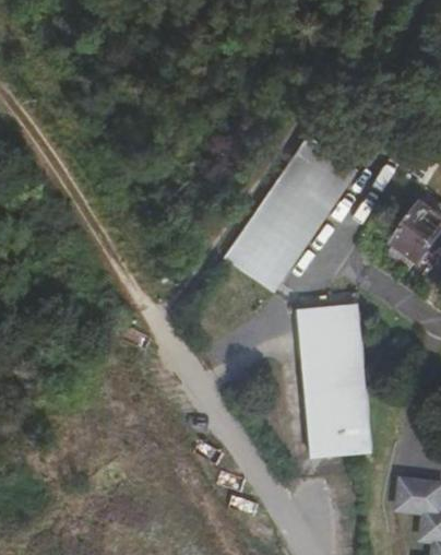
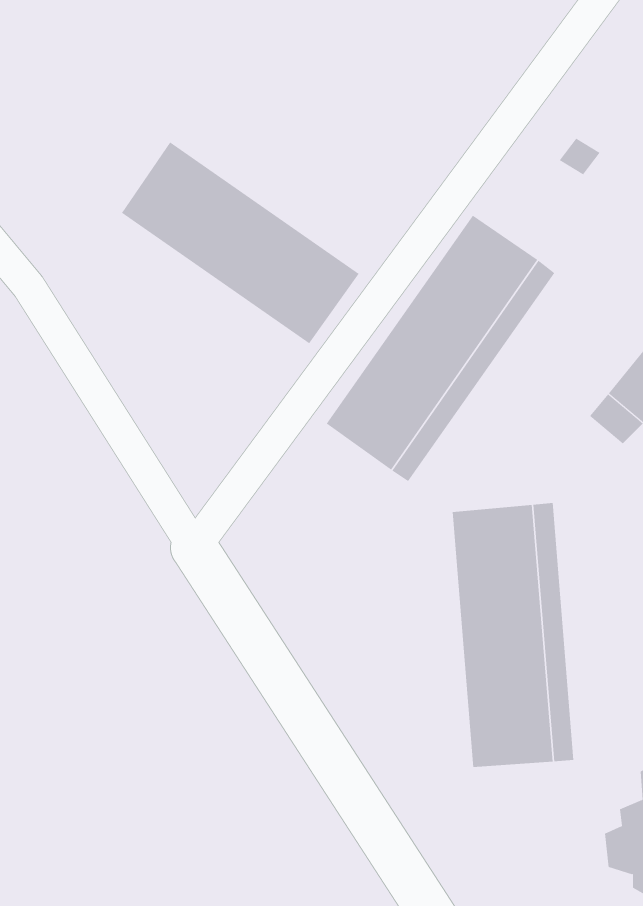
building: none -> [121,142,359,344]

